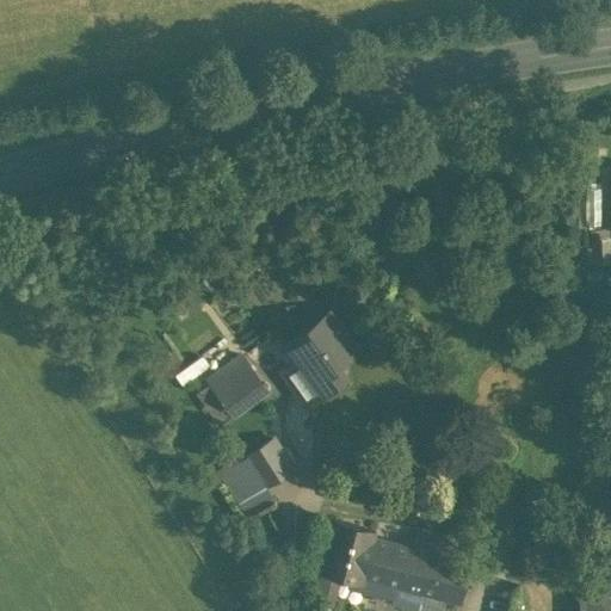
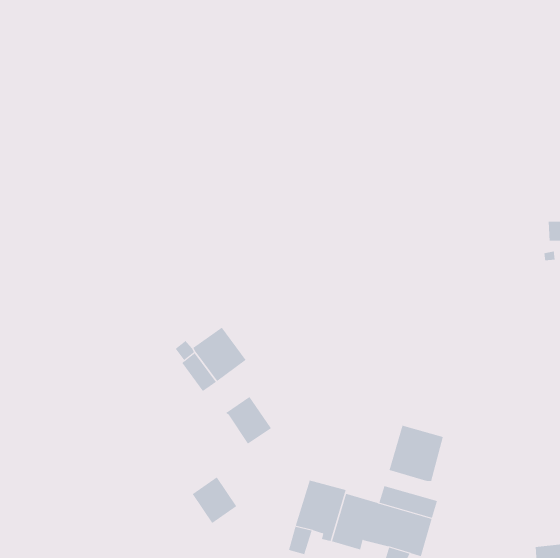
building: [285,319,358,407] -> none
building: [222,455,271,506] -> [192,476,237,524]
building: none -> [389,425,444,482]

